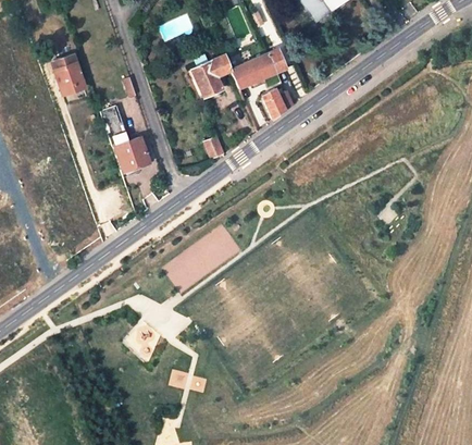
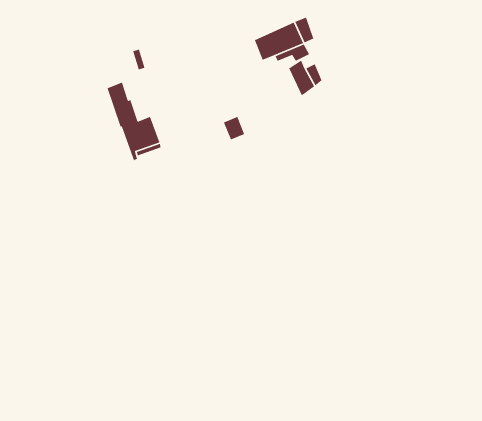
building: [191,54,232,97] -> none
building: [52,57,84,94] -> none

